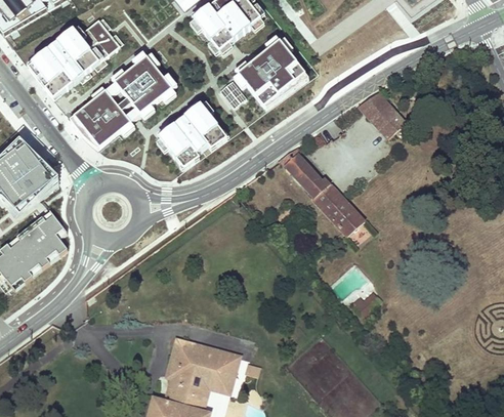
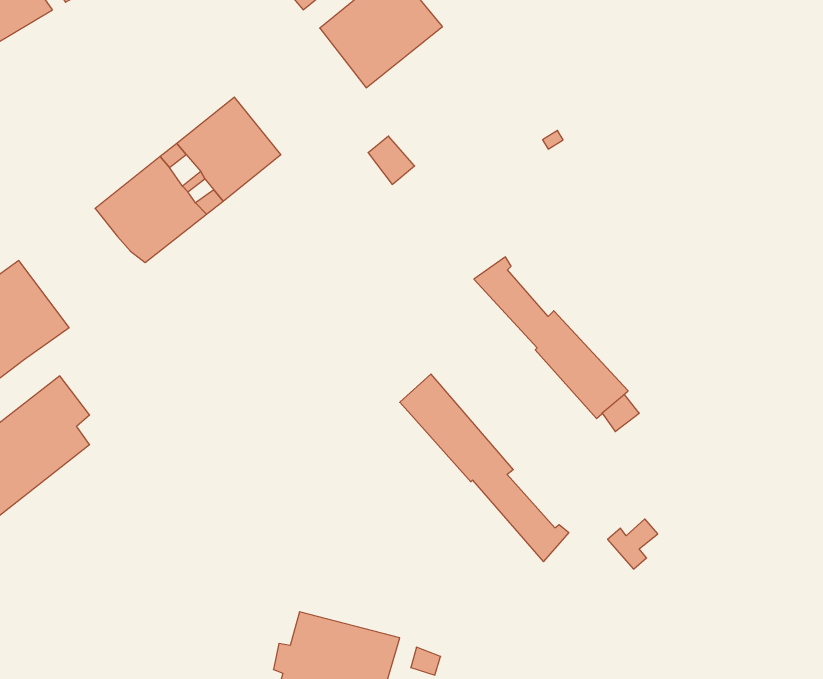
building: [27,16,119,96] -> none
building: [237,39,304,105] -> none
building: [355,89,404,134] -> none
building: [158,103,222,164] -> none
building: none -> [400,374,569,562]

